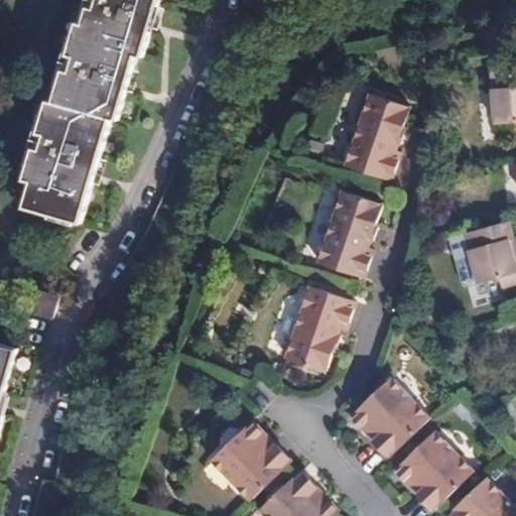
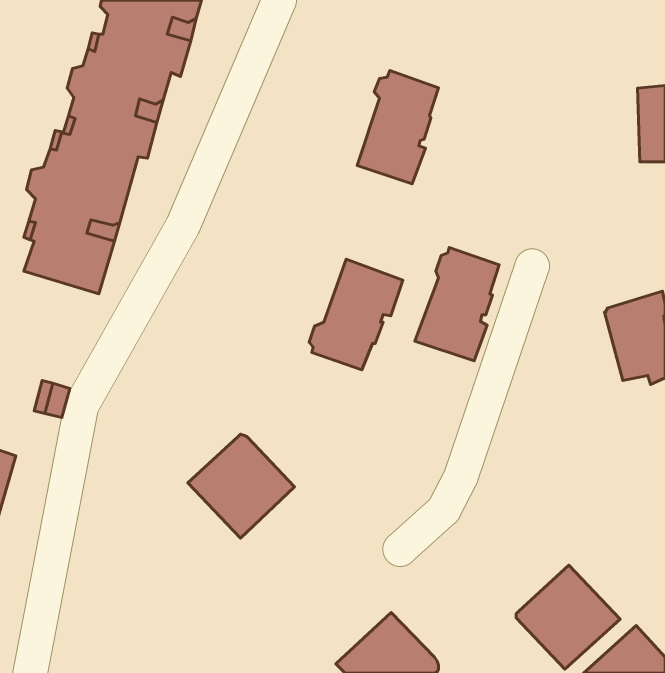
building: [349,94,411,180] -> [357,71,439,184]
building: [282,285,354,370] -> [309,259,403,370]
building: [352,378,429,458] -> none
building: [209,419,290,499] -> [188,434,294,538]

